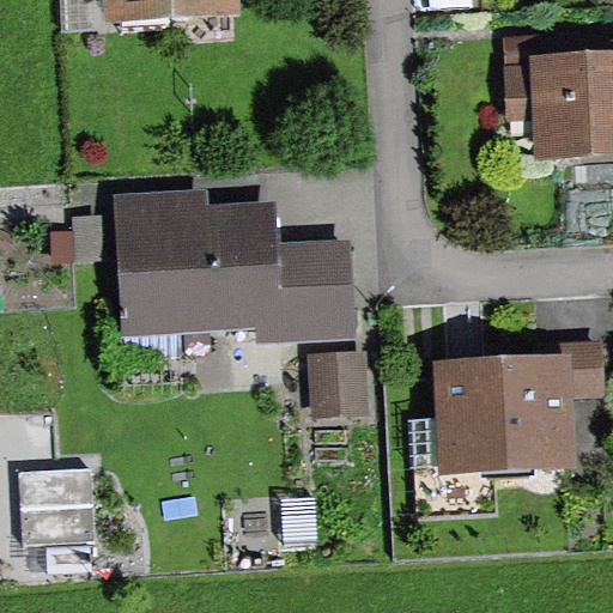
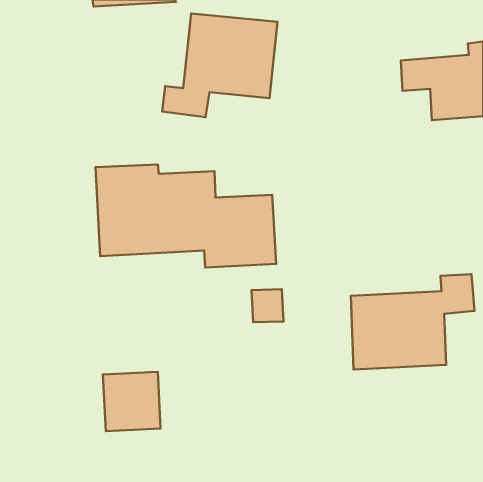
building: none -> [162,13,278,117]
building: [20,472,93,547] -> [103,372,161,431]

